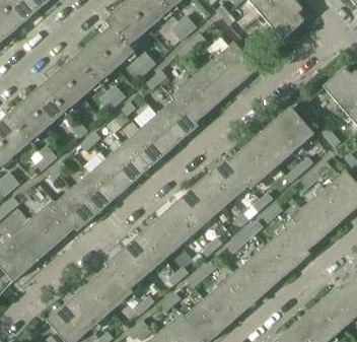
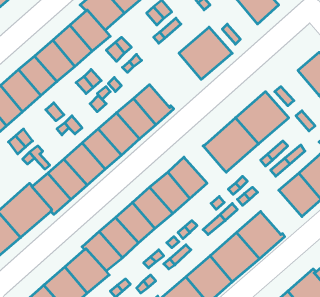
building: [170,69,225,124] -> none
building: [208,158,247,200] -> none
building: [282,207,327,252] -> none

